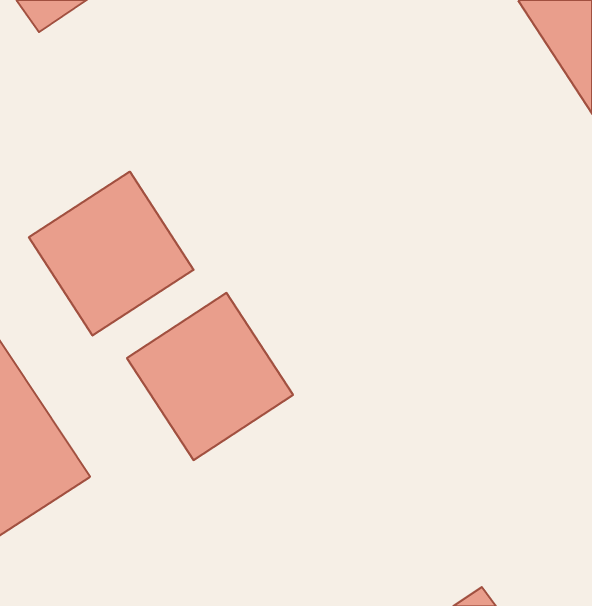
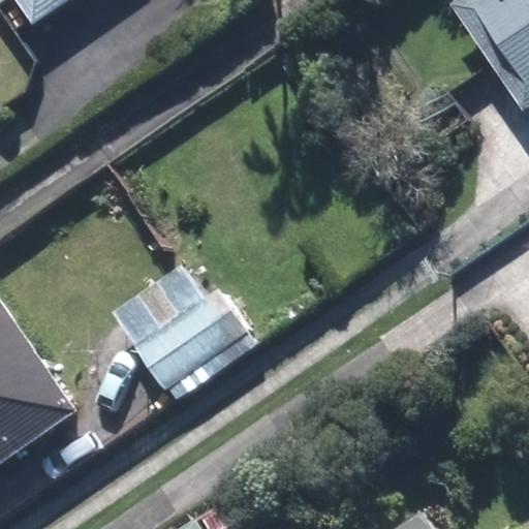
building: [29,172,194,336] -> none

